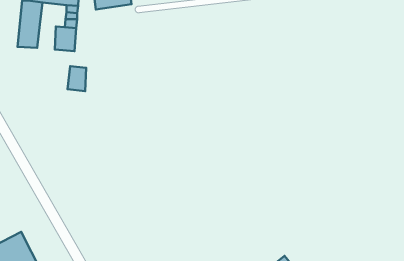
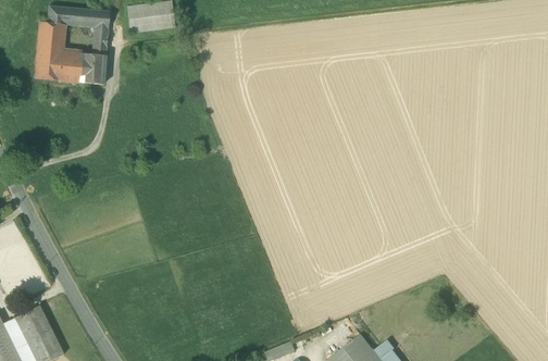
building: [67,66,86,91] -> [58,51,80,82]

